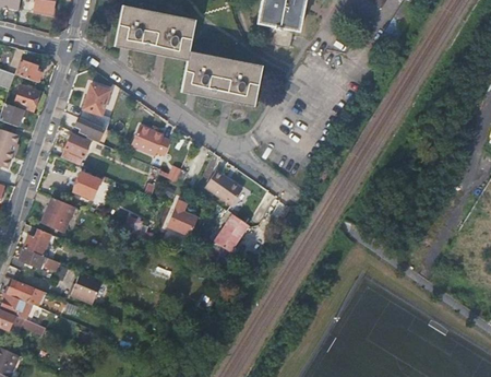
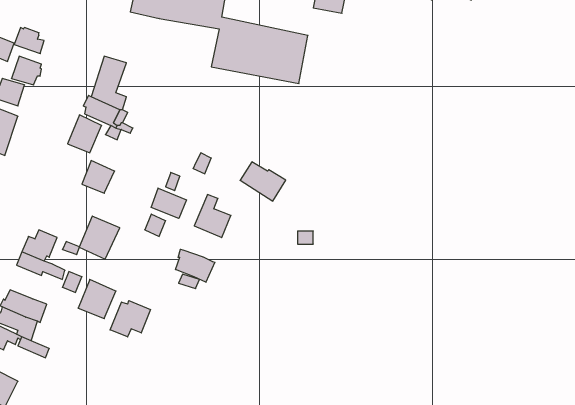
building: [134,125,171,153] -> none
building: none -> [151,188,186,218]
building: [40,196,74,232] -> [79,216,120,259]
building: [216,213,251,251] -> none
building: none -> [176,249,215,282]
building: none -> [110,301,150,337]

